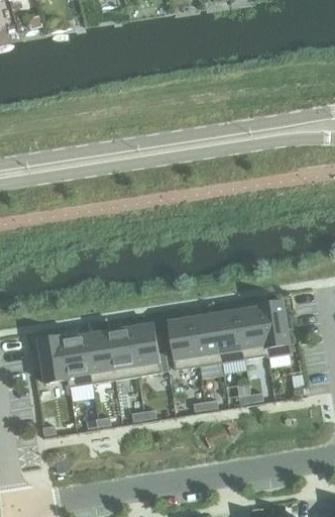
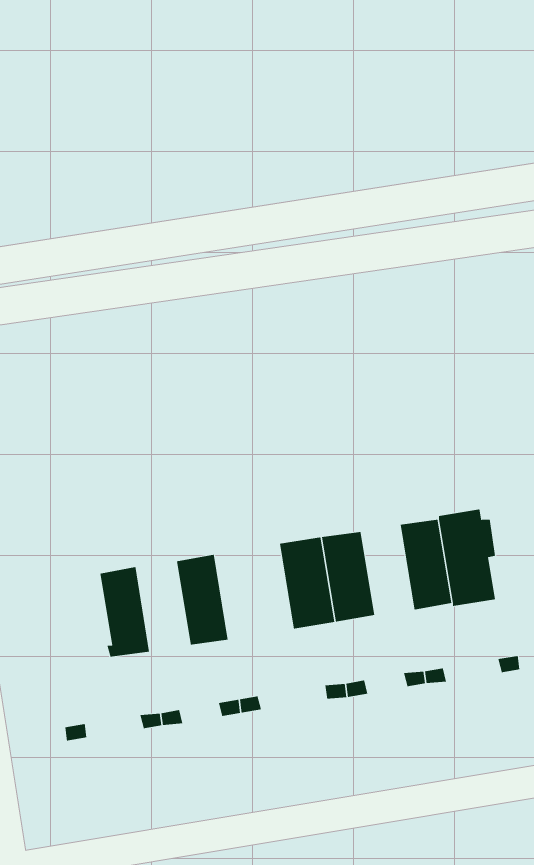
building: [214,309,244,361] -> none
building: [129,322,161,376] -> none
building: [84,330,115,383] -> none
building: [33,335,70,383] -> none

